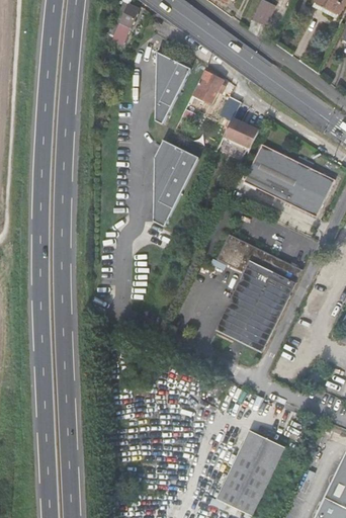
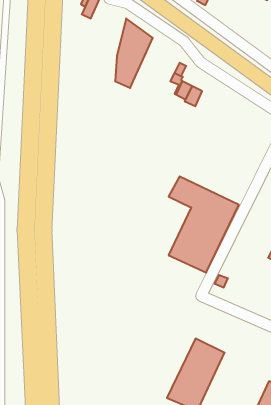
building: [185,70,226,106] -> none
building: [158,136,203,223] -> none
building: [243,145,332,214] -> none

